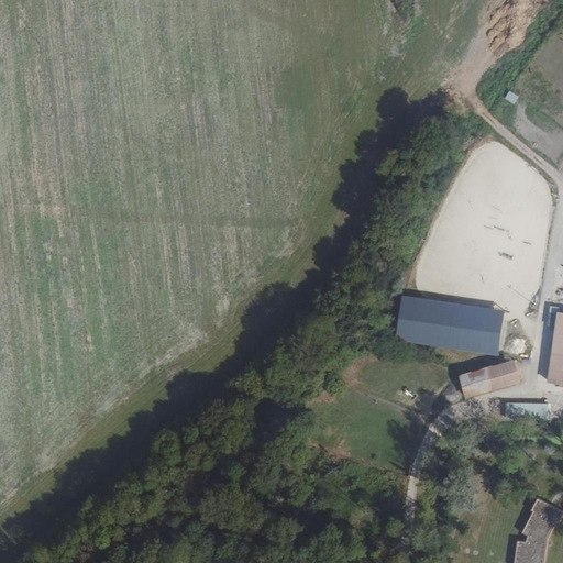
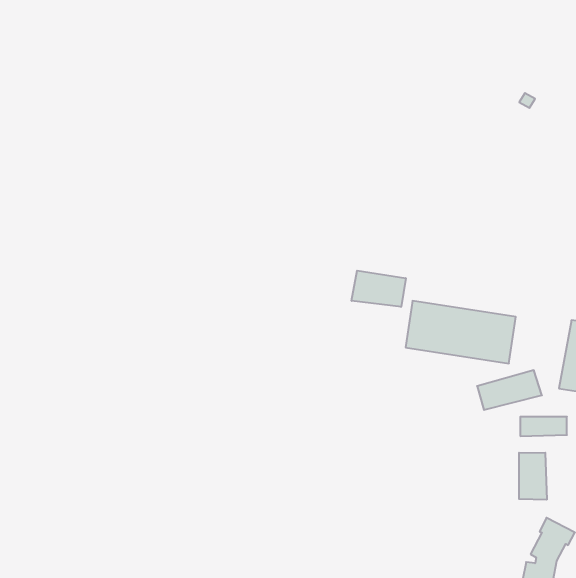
building: none -> [352,271,406,307]
building: none -> [519,453,547,500]

